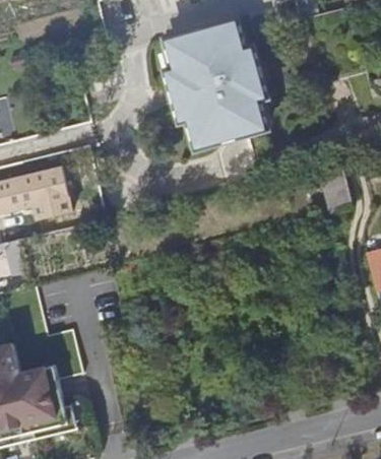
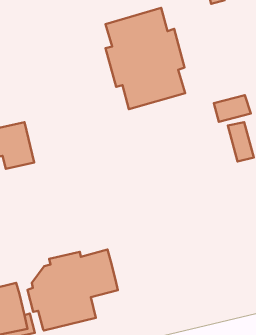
building: none -> [214,95,251,122]
building: none -> [27,249,118,331]

